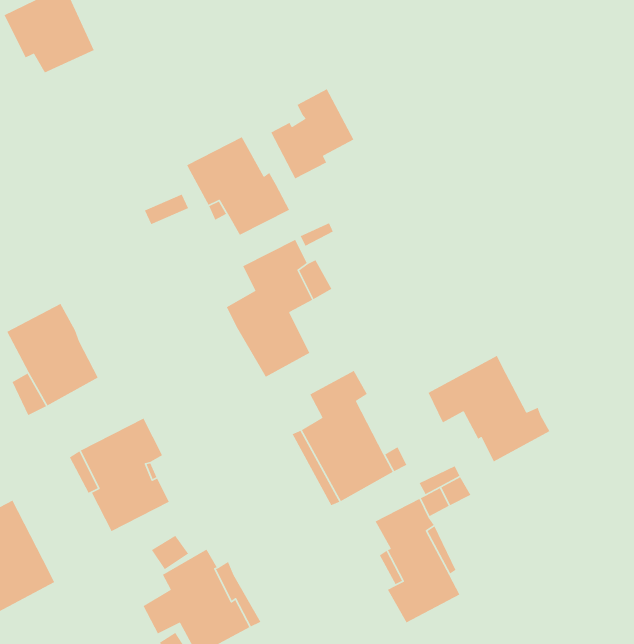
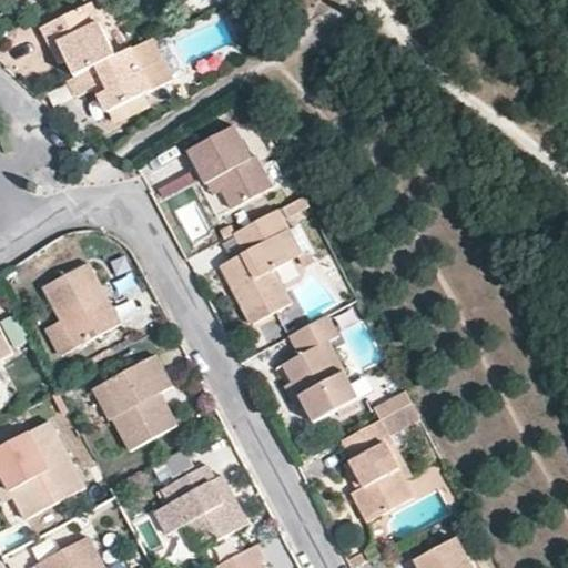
building: none -> [67,39,171,112]
building: [270,88,354,180] -> none
building: [428,355,550,462] -> none

